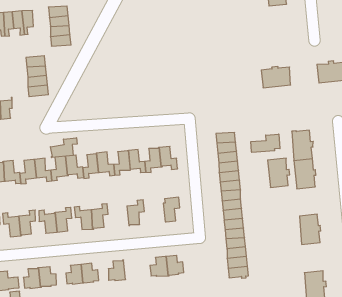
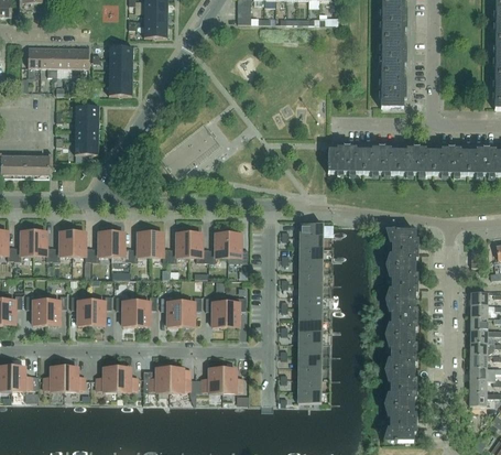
building: none -> [380,72,405,107]
building: none -> [397,148,433,173]
building: none -> [327,147,363,172]
building: [251,134,280,152] -> none
building: [50,138,77,158] -> none
building: [268,158,290,187] -> [392,301,417,335]
building: none -> [206,296,226,325]
building: none -> [161,296,181,325]
building: none -> [391,370,416,405]
building: none -> [170,367,189,391]

